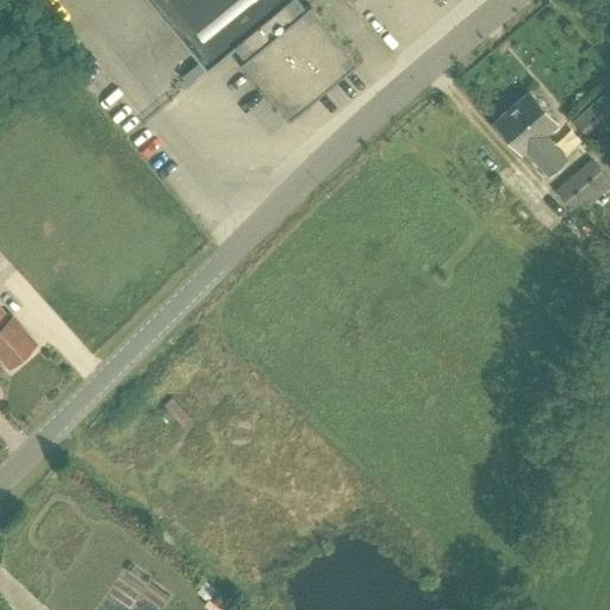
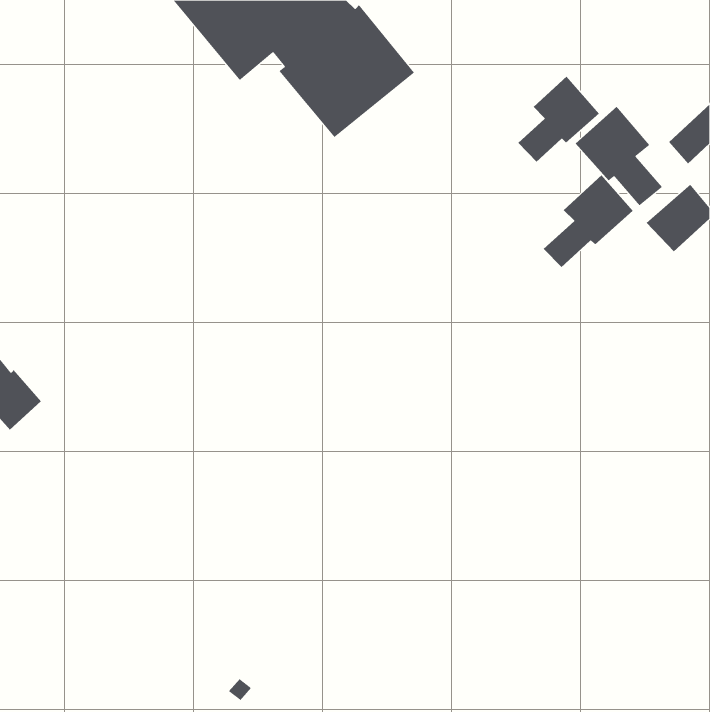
building: none -> [517,76,600,163]
building: none -> [543,174,634,268]

